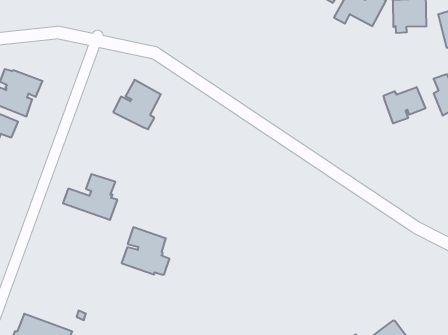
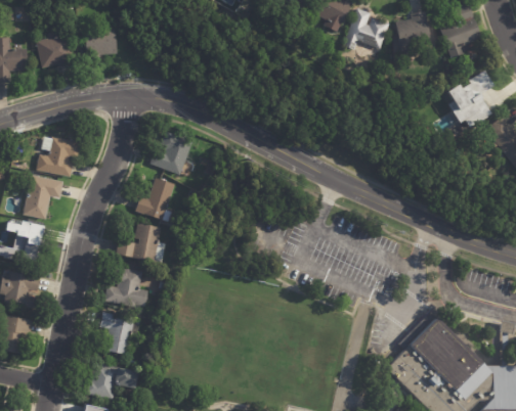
building: [384,87,425,123] -> none
building: none -> [136,176,180,223]
building: [122,227,170,275] -> [104,265,148,306]
building: none -> [100,312,135,353]

